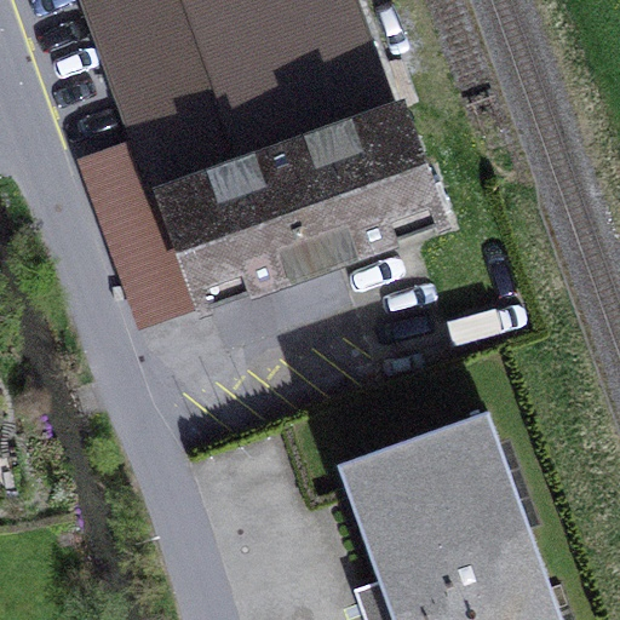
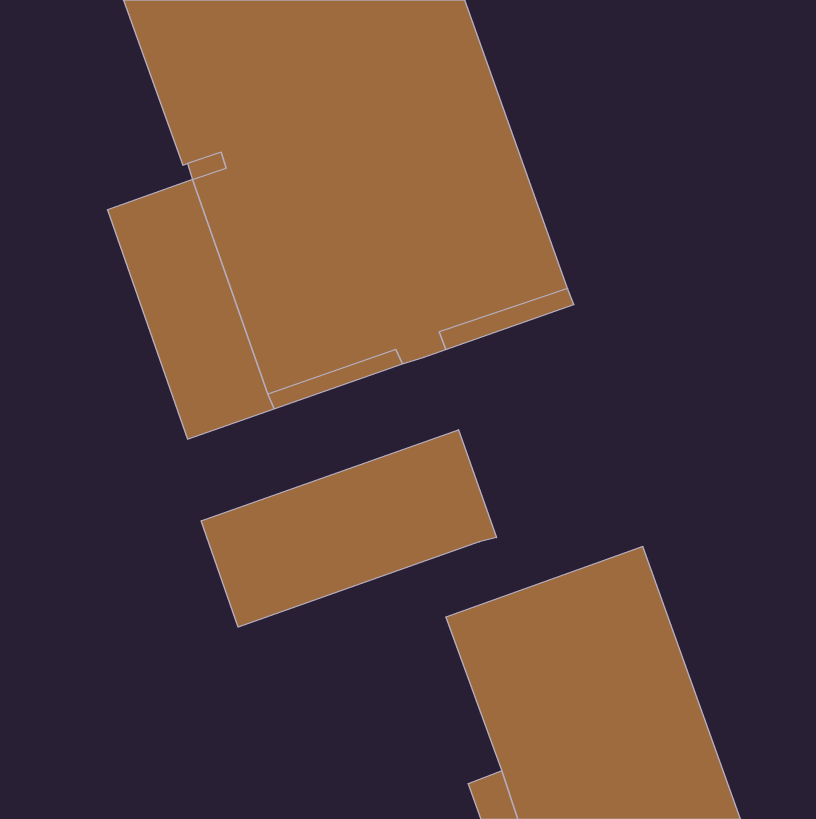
building: none -> [201,430,496,627]

